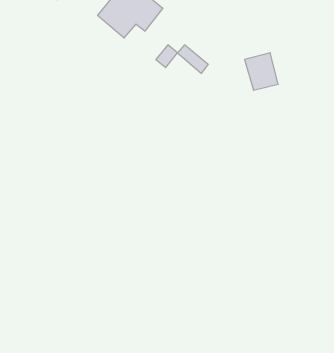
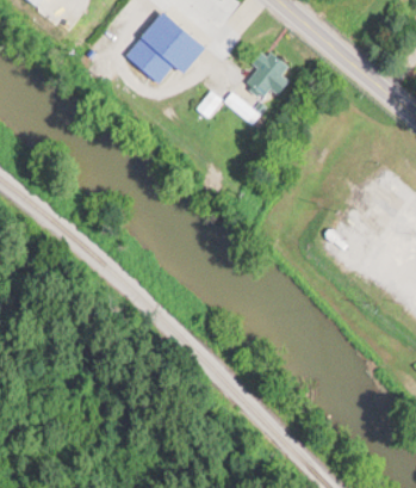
building: [245,53,278,90] -> [247,50,287,95]

